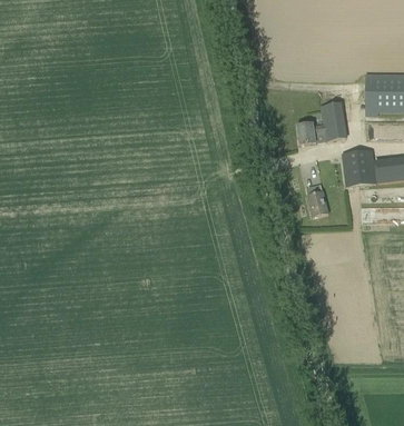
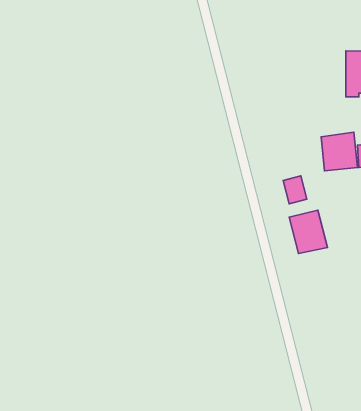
building: [296,102,346,145] -> none
building: none -> [289,210,327,253]

